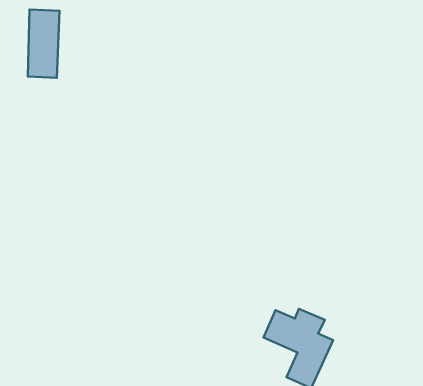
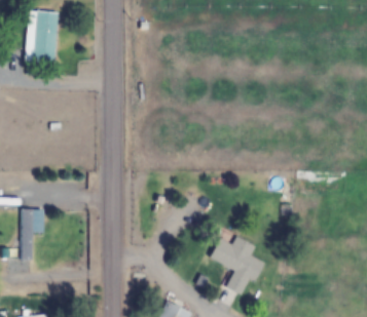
building: none -> [22,207,37,259]

